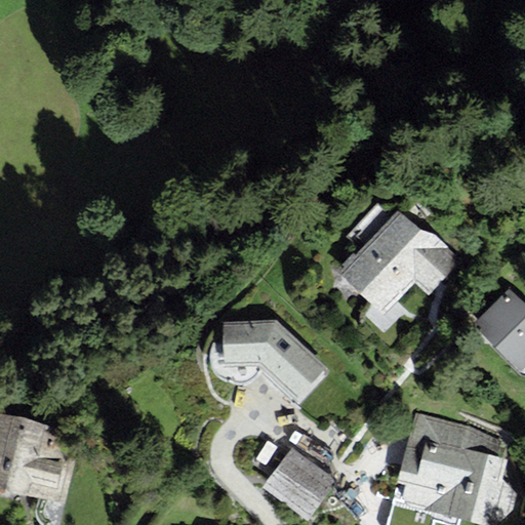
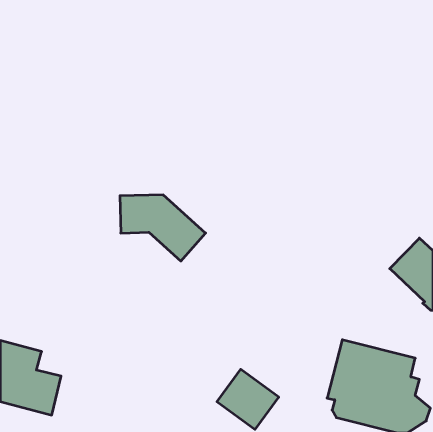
building: [339,209,462,314] -> none
building: [224,321,327,401] -> [120,195,206,261]

